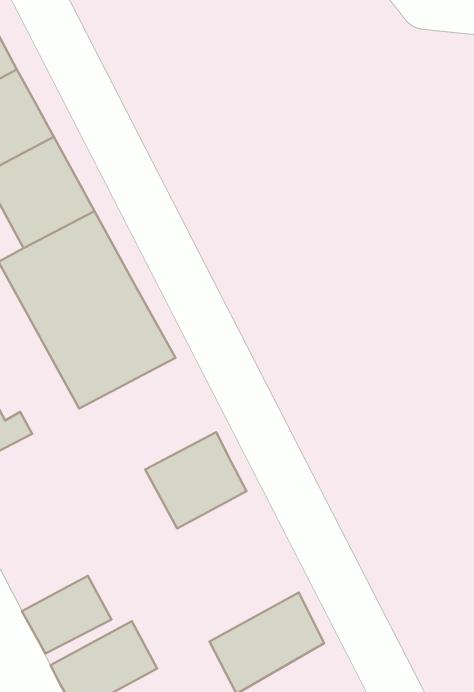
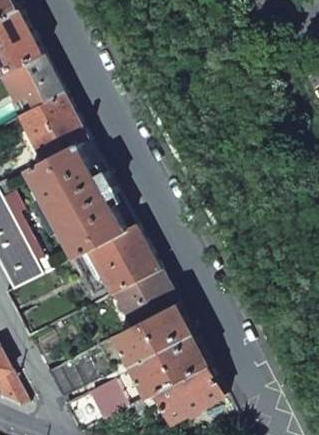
building: none -> [94,223,160,289]
building: none -> [119,302,209,397]

